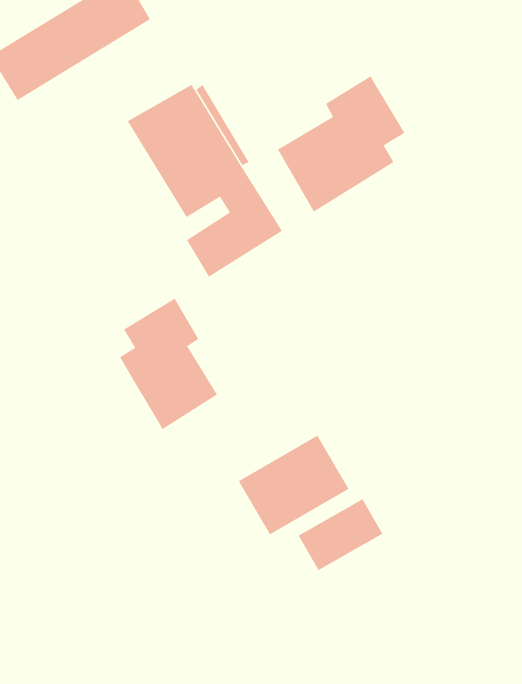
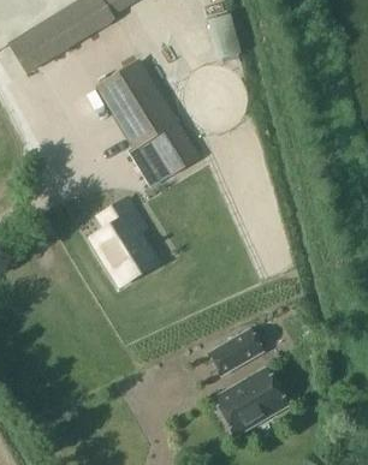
building: [277,75,405,212] -> none
building: [238,435,349,535] -> [214,369,286,434]

